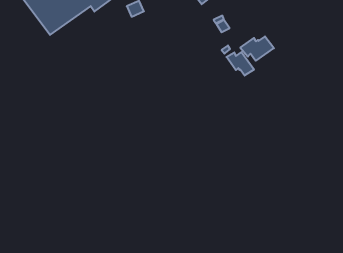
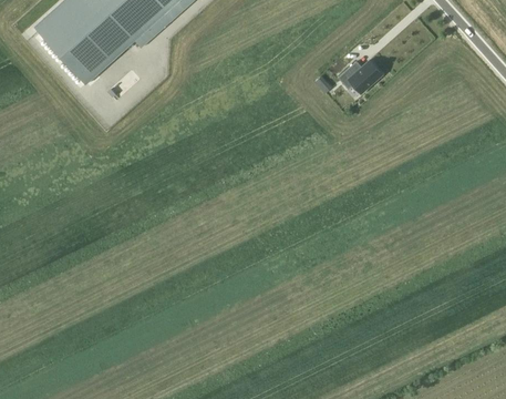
building: [226,52,254,76] -> none

